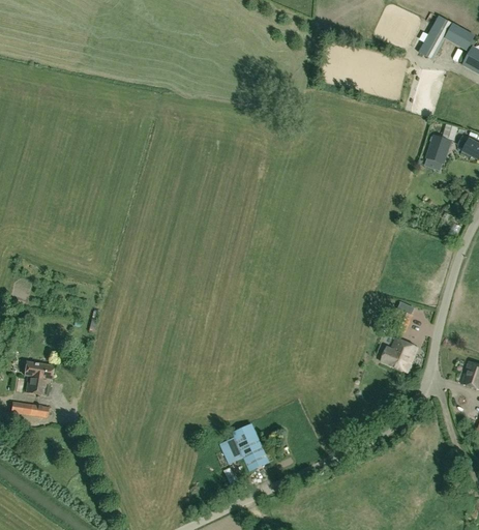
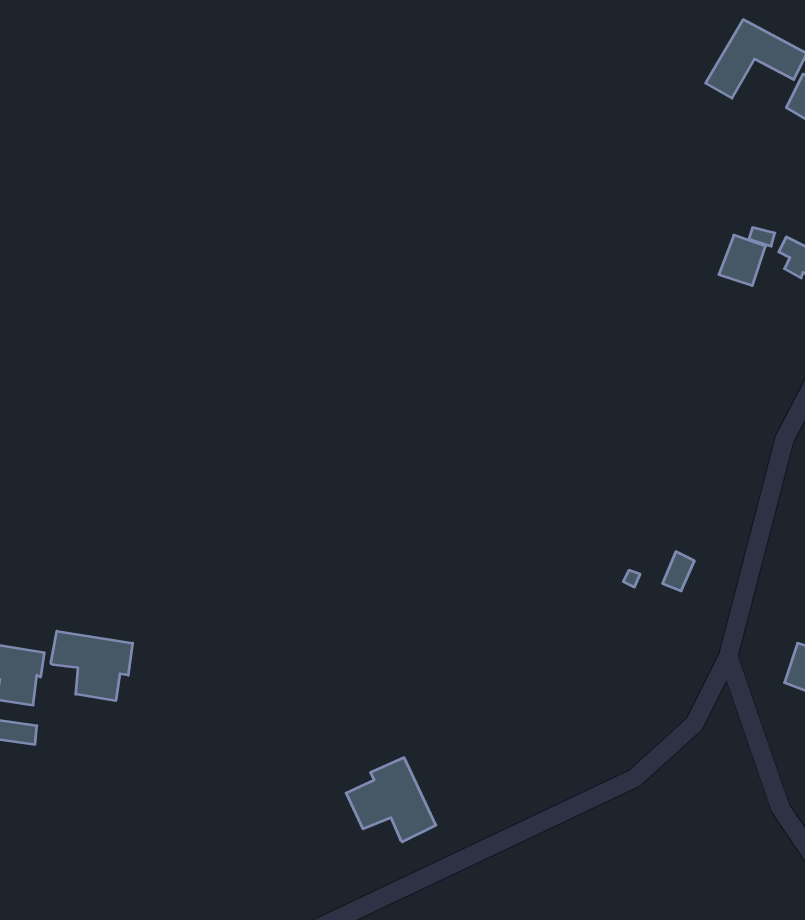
building: [381,337,417,372] -> none
building: none -> [51,631,133,701]

